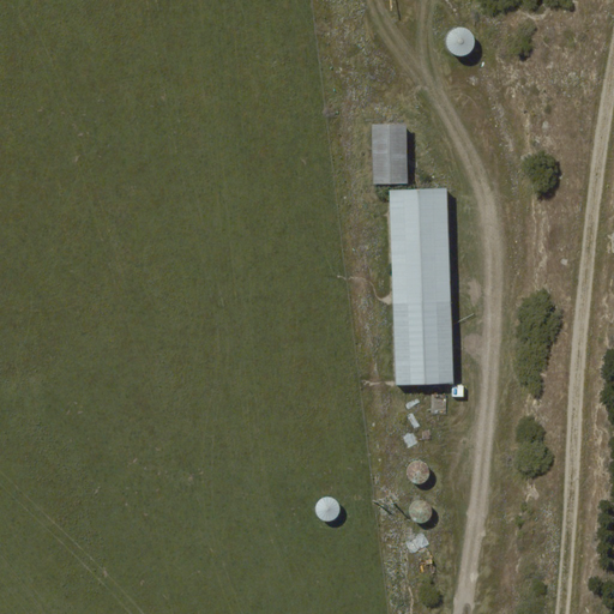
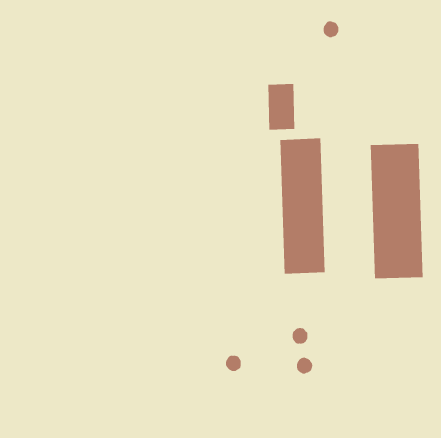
building: none -> [370,143,423,279]

